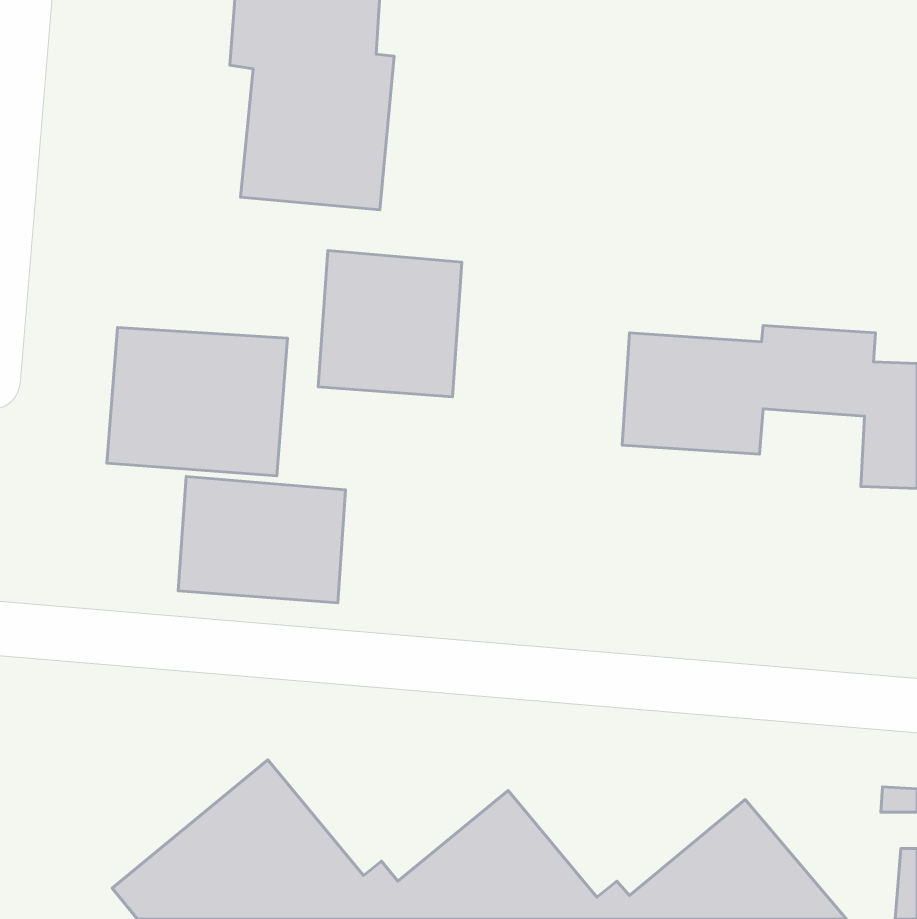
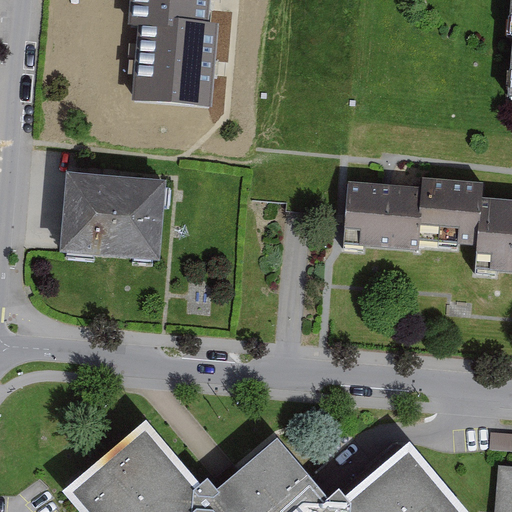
building: [318,250,462,397] -> none
building: [178,476,346,603] -> none

